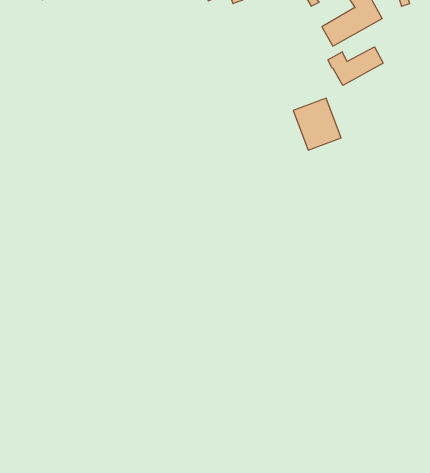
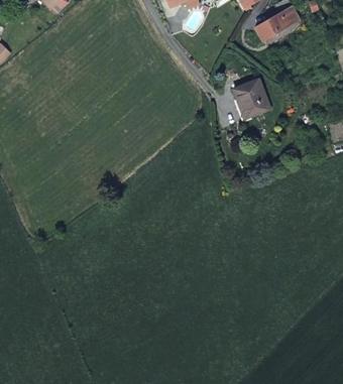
building: [328,47,383,85] -> none

